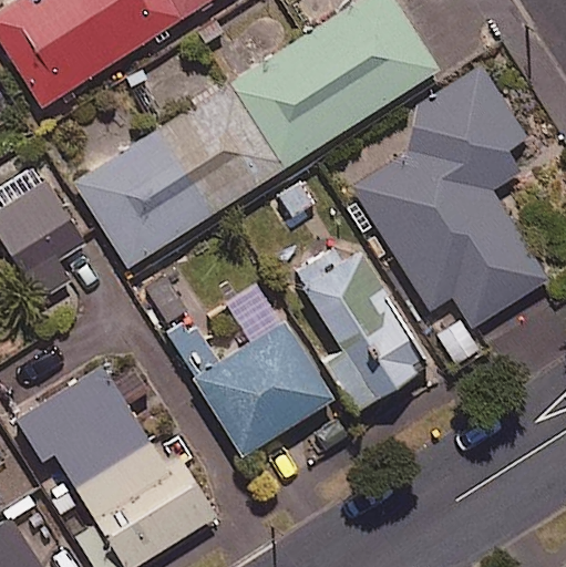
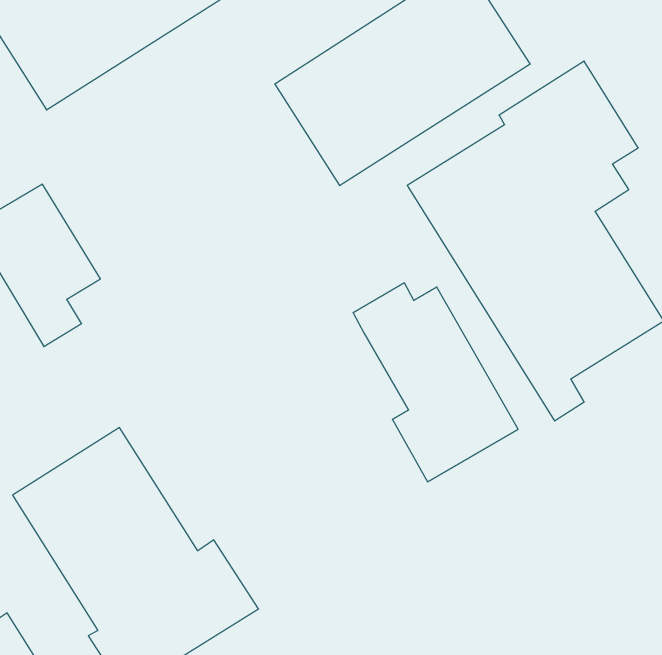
building: [76,85,282,267] -> none
building: [167,317,333,456] -> none

